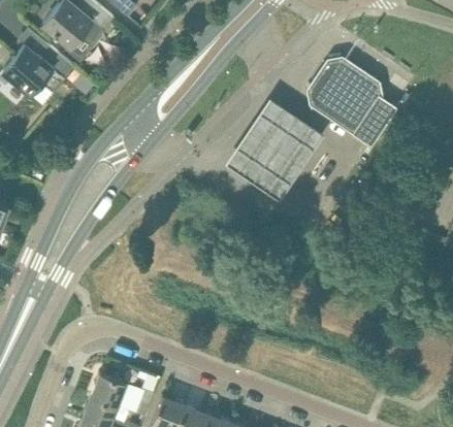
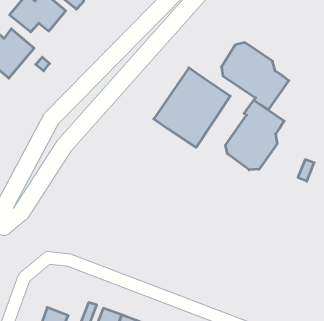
building: none -> [225,100,284,170]
building: [91,373,127,407] -> none

